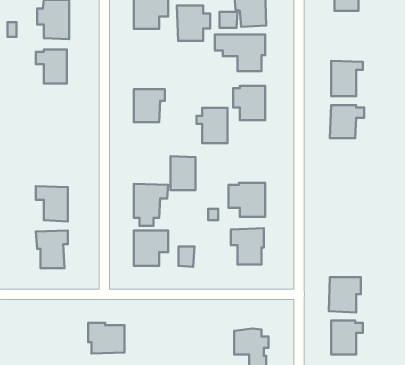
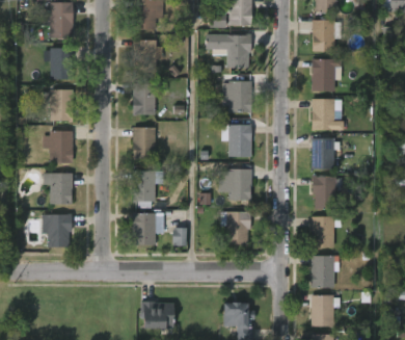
building: [177,6,210,41] -> [132,38,162,71]
building: none -> [312,20,341,51]
building: none -> [40,89,73,121]
building: [197,108,227,143] -> [223,125,251,157]
building: none -> [42,131,72,163]
building: none -> [311,138,340,169]
building: [170,156,195,190] -> [132,127,155,158]
building: none -> [312,175,341,210]
building: none -> [313,216,342,247]
building: [88,323,125,353] -> [140,302,173,330]

